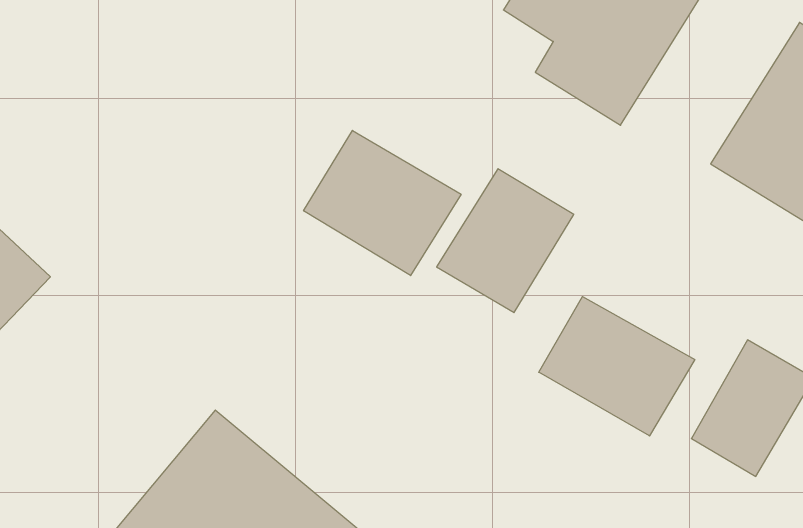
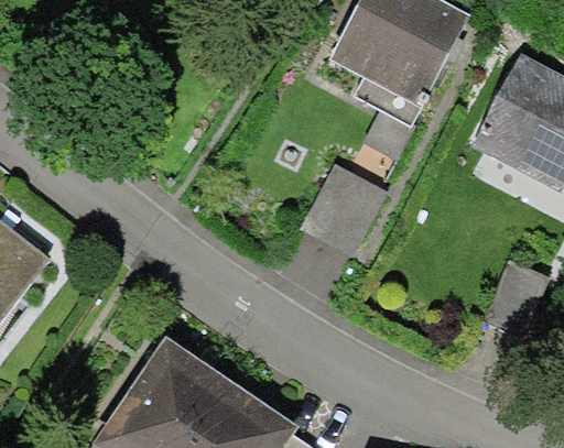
building: [304,130,461,276] -> none
building: [539,297,695,436] -> none

